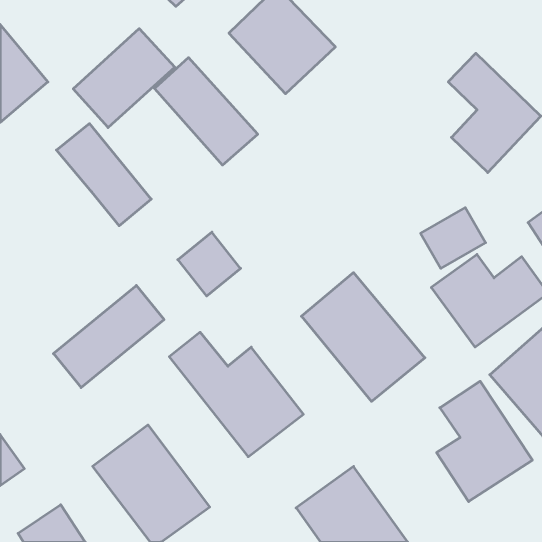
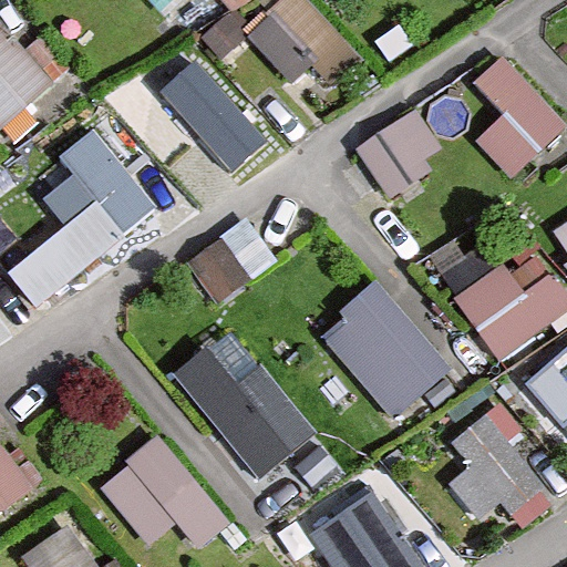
building: [73,29,175,128] -> none
building: none -> [358,113,443,205]
building: [53,285,164,388] -> [11,199,126,306]

